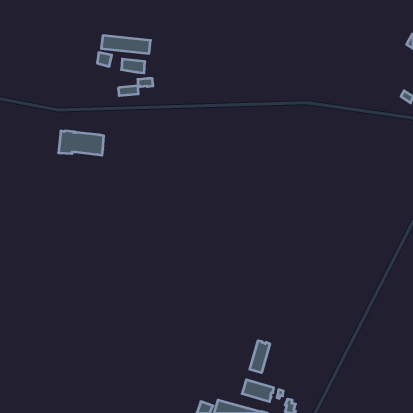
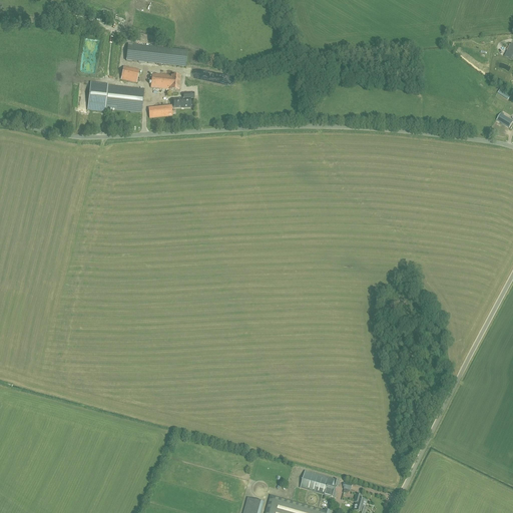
building: [58,131,104,155] -> [87,82,143,112]
building: [250,341,270,373] -> none

